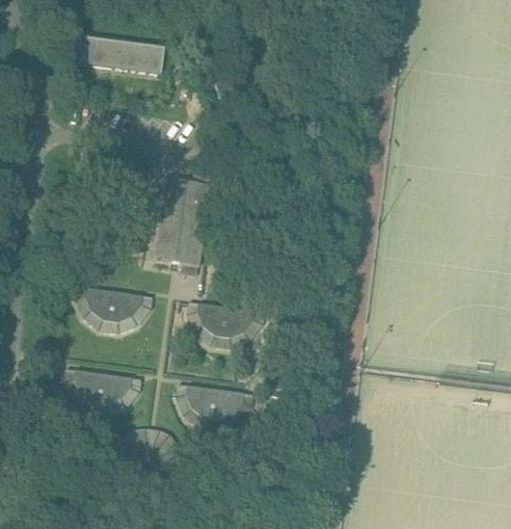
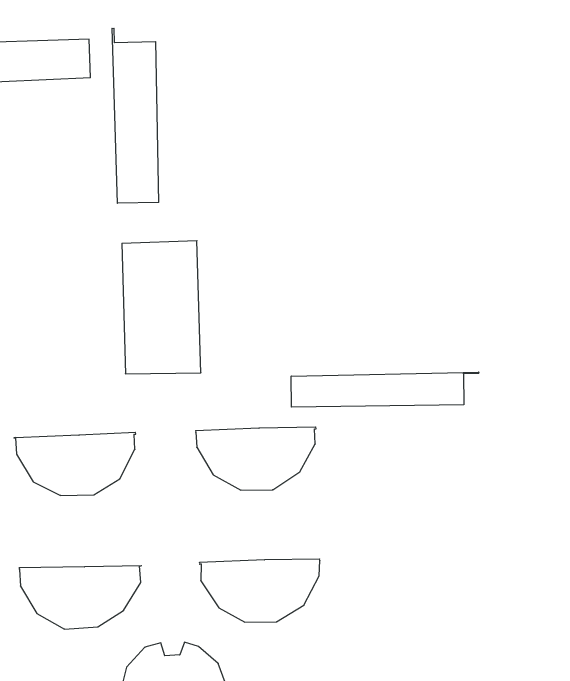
building: none -> [112,28,159,203]
building: none -> [291,372,479,407]

